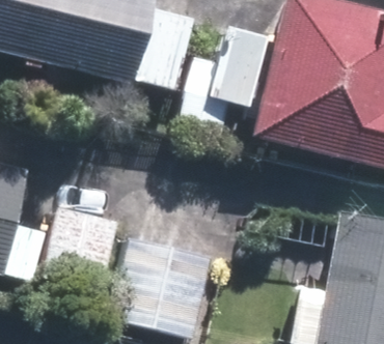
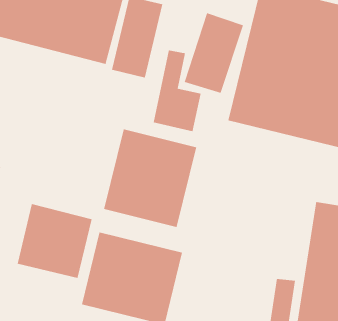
building: none -> [103,128,197,228]

